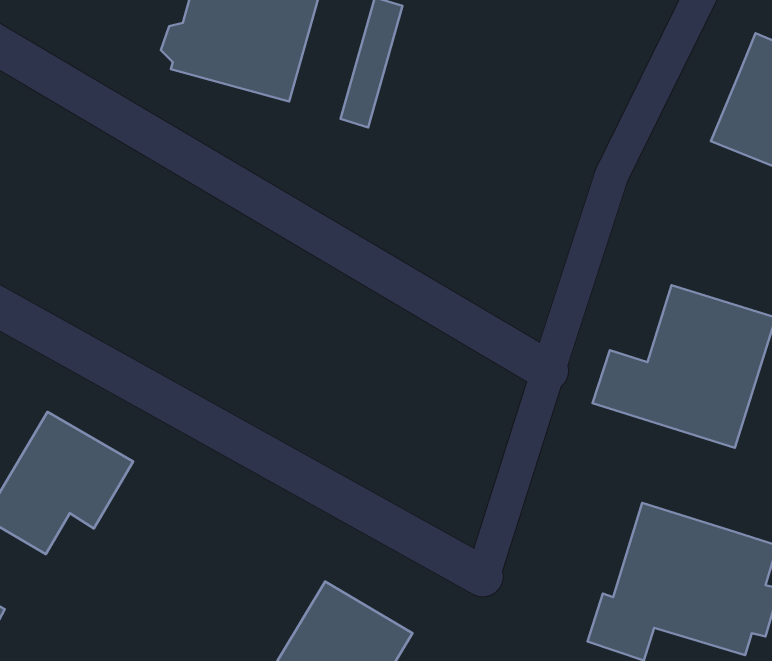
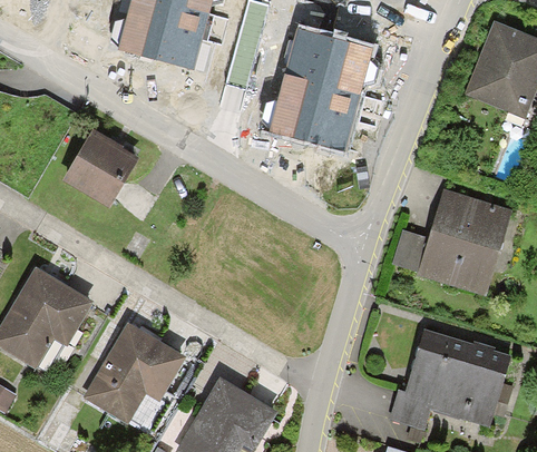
building: none -> [262,27,378,149]
building: none -> [65,130,138,206]
building: none -> [84,325,184,424]

